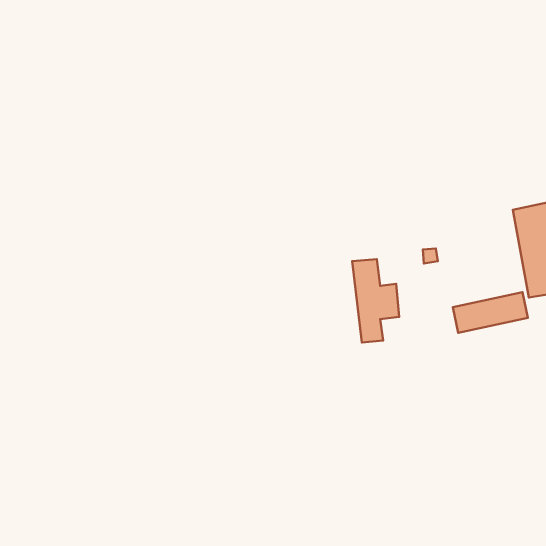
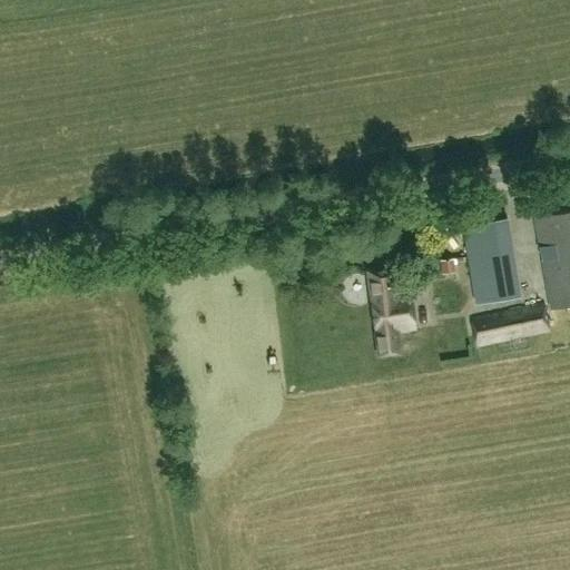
building: none -> [465,218,521,306]

